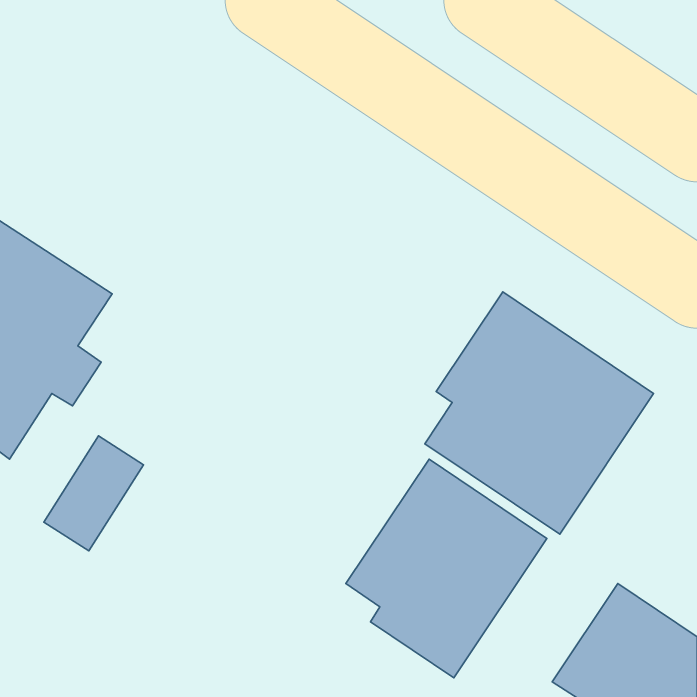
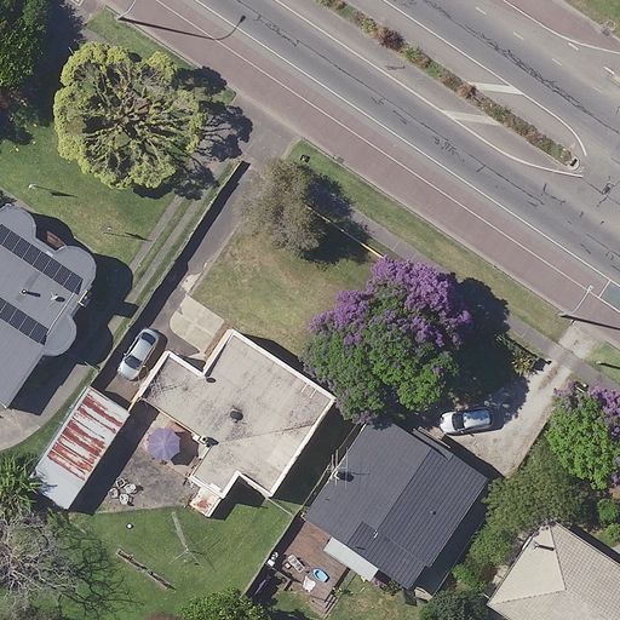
building: [425,292,654,534] -> none
building: none -> [144,334,332,496]

